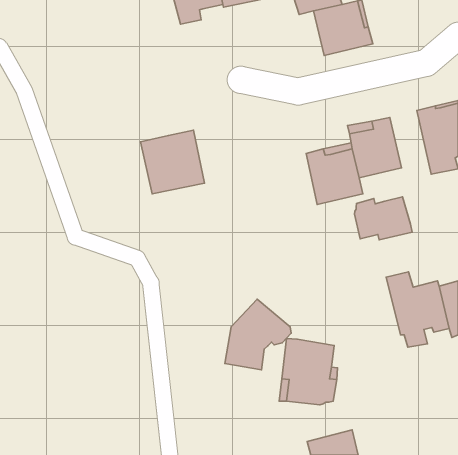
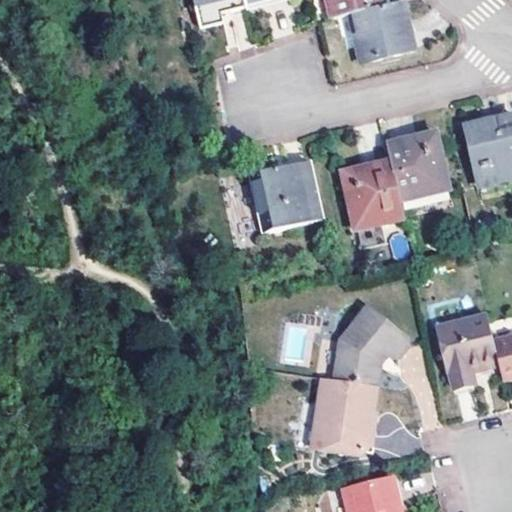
building: [141,130,204,194] -> [249,159,320,230]
building: [355,197,412,240] -> none
building: [225,299,291,370] -> [331,306,405,385]

